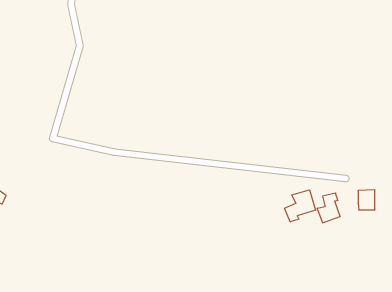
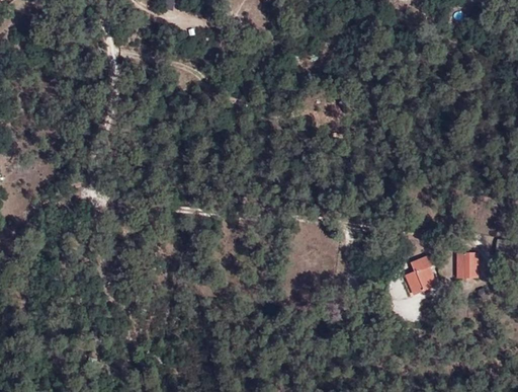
building: [284,190,316,222] -> none

